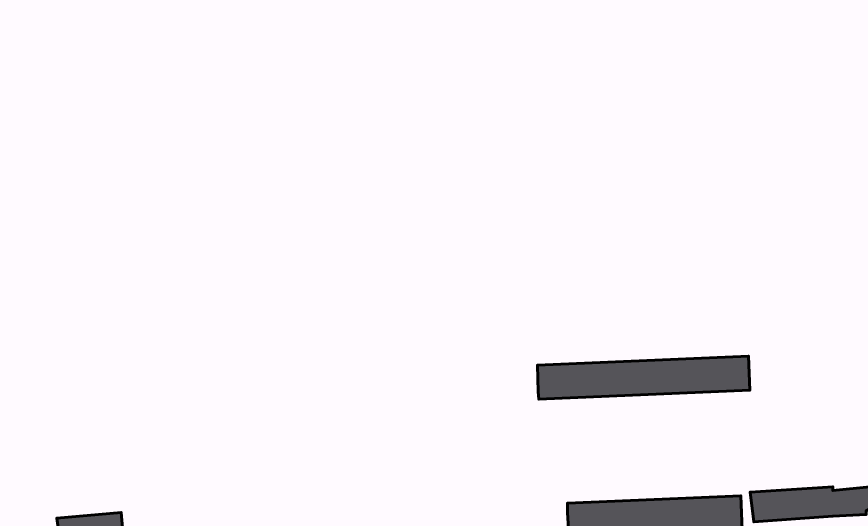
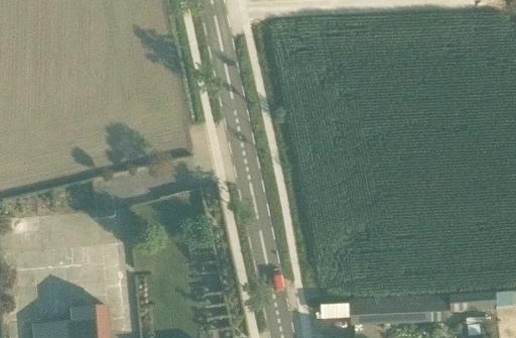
building: [537,356,750,399] -> none

